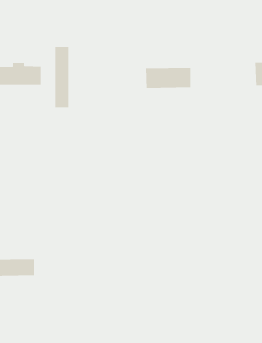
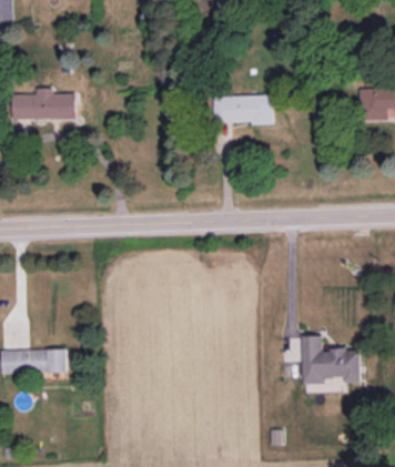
building: [55,46,69,108] -> none
building: none -> [302,336,361,385]

